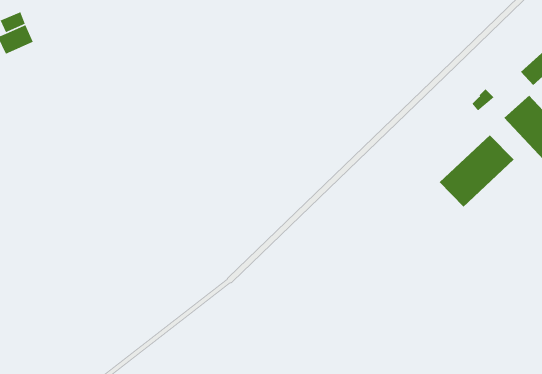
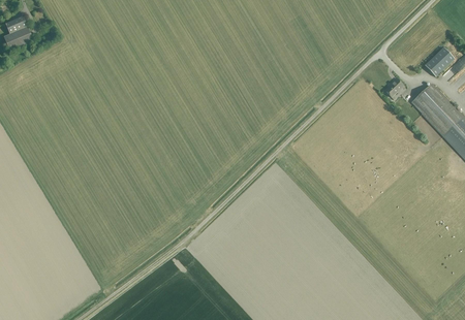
building: [439,134,515,208] -> none

